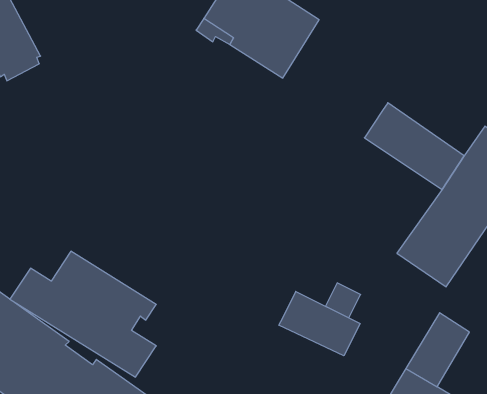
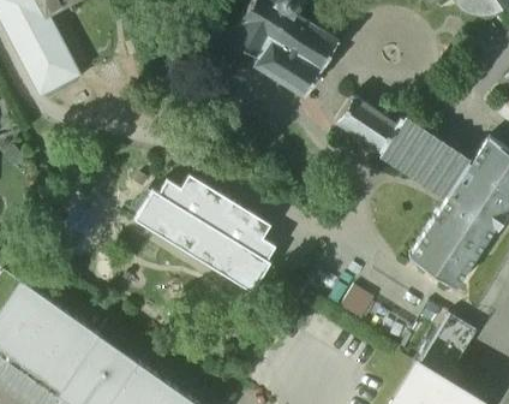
building: none -> [335,94,395,149]
building: [10,251,156,377] -> [133,176,269,292]
building: [279,291,360,356] -> none

